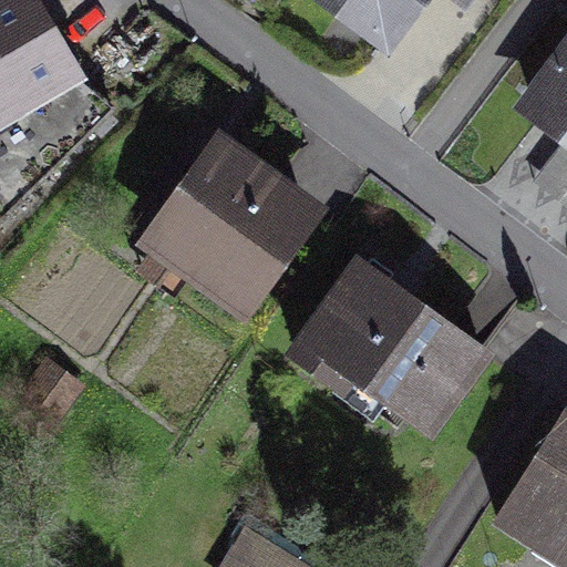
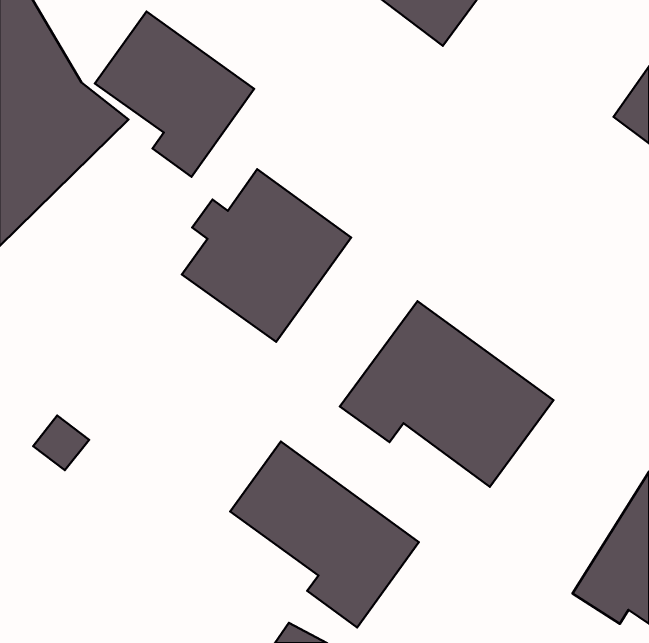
building: none -> [95,11,254,177]
building: none -> [230,441,419,628]

